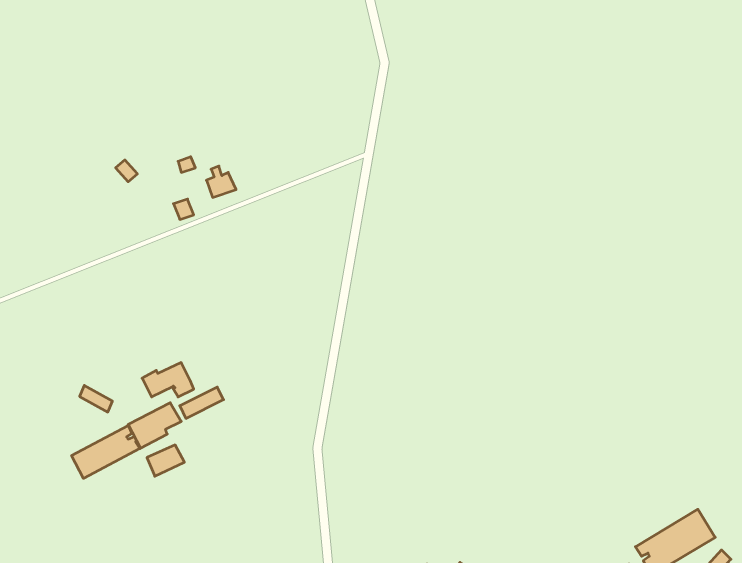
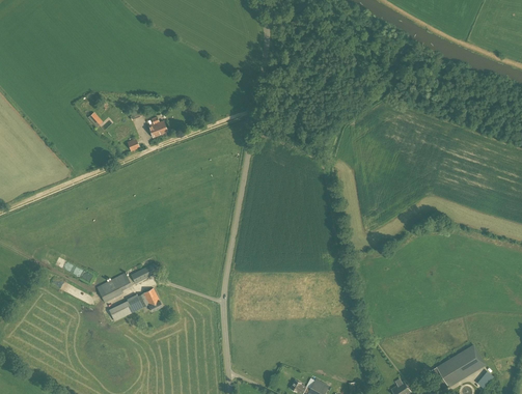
building: [142,363,194,397] -> [128,288,162,311]
building: [72,426,140,478] -> none

